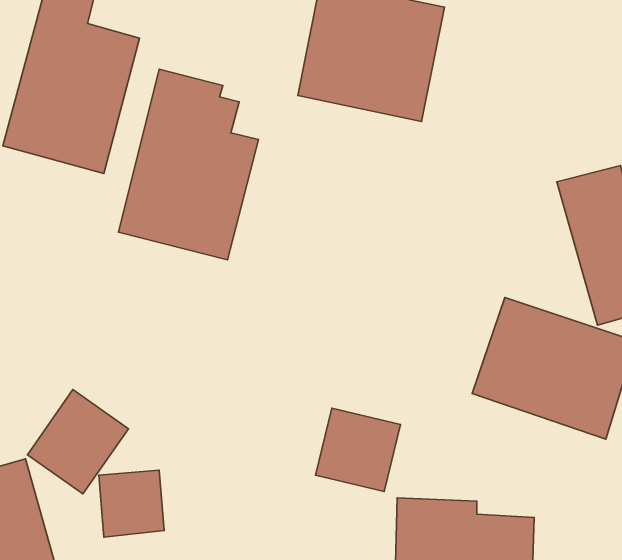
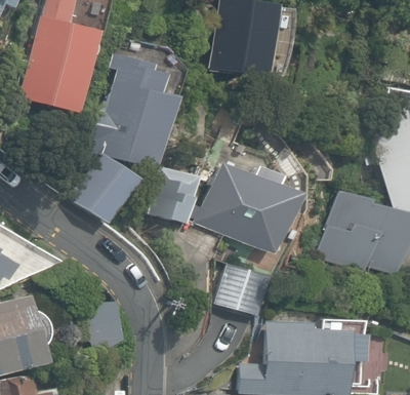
building: none -> [196,160,301,254]
building: none -> [151,165,200,222]
building: [27,390,128,494] -> [76,160,139,226]

